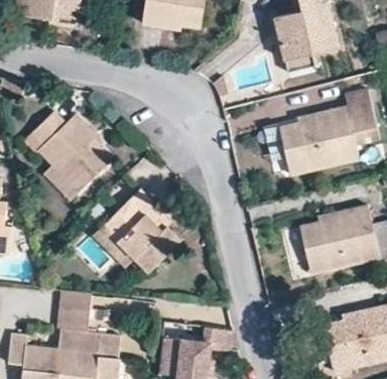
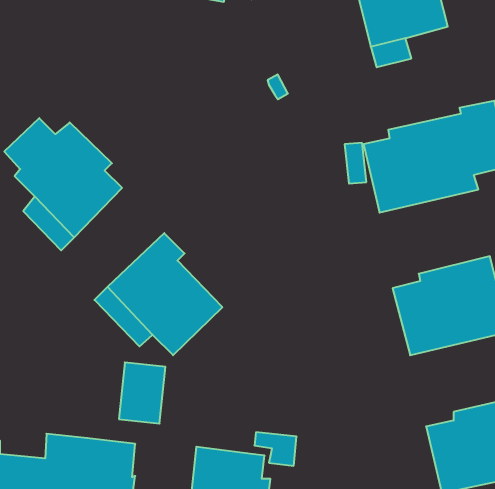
building: [58,289,91,332] -> [119,362,165,424]

